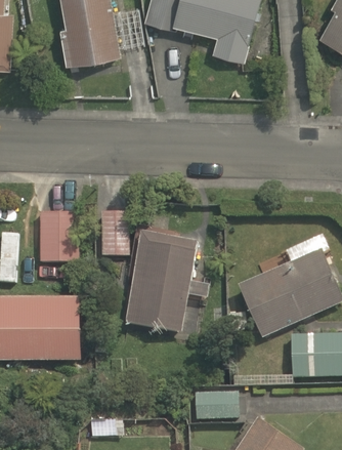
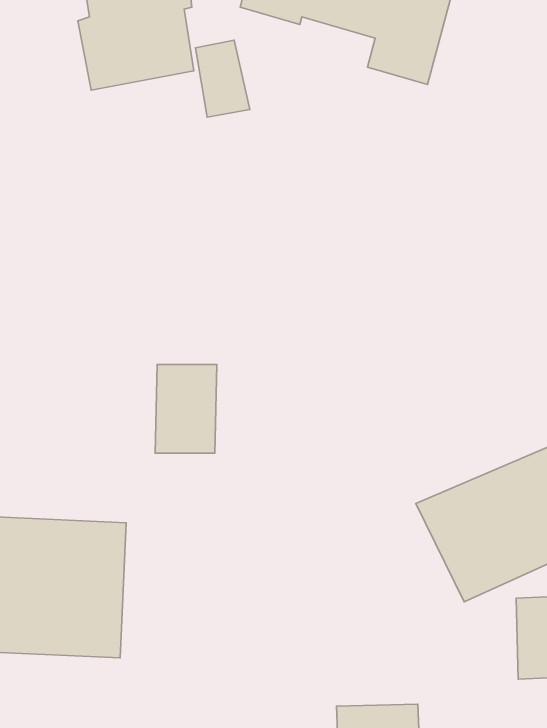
building: [42,208,77,262] -> none
building: [125,227,196,336] -> none

